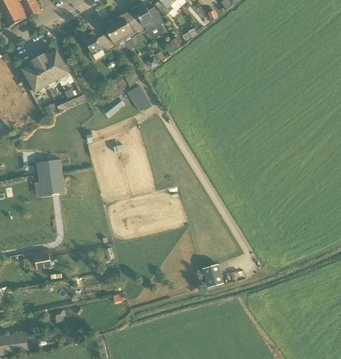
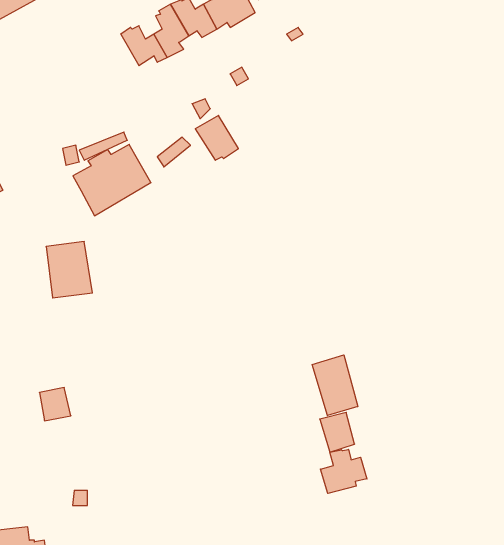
building: [21,50,68,93] -> [73,144,151,216]
building: none -> [312,355,358,416]
building: none -> [320,449,367,493]

